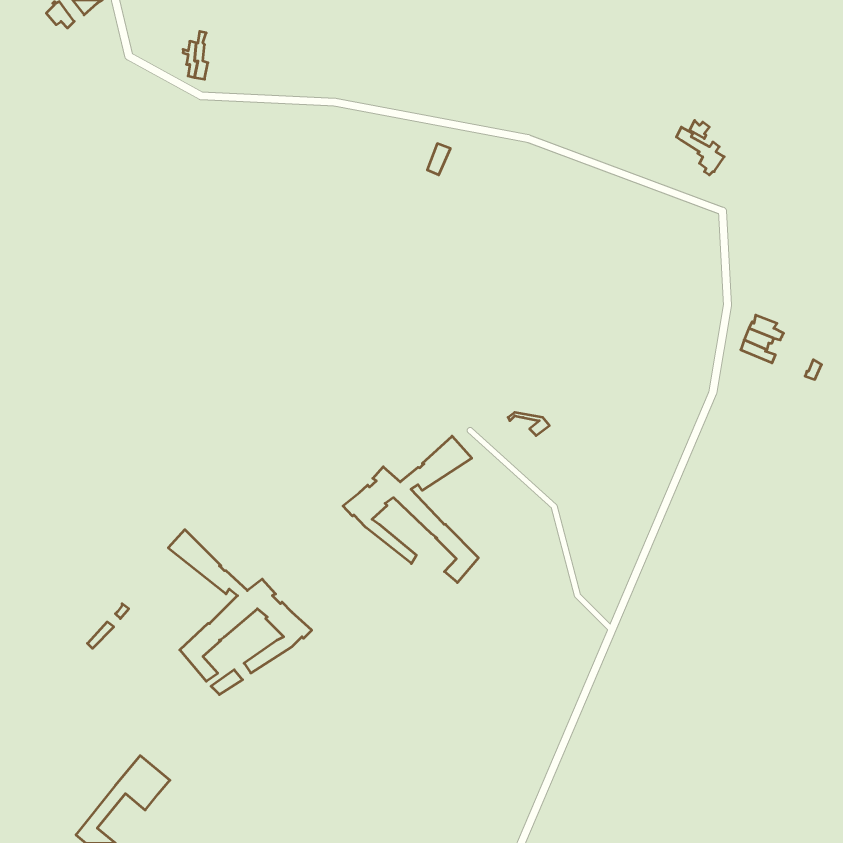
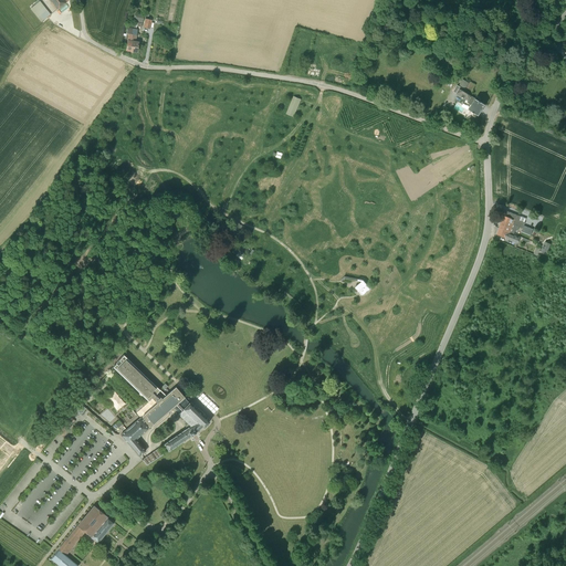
building: [343,436,478,583] -> none

